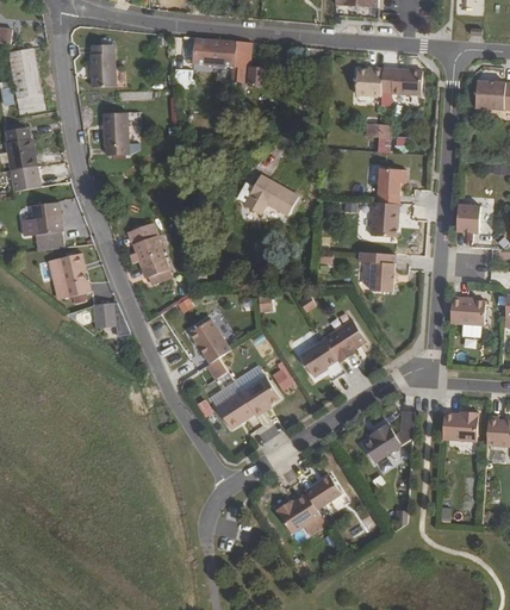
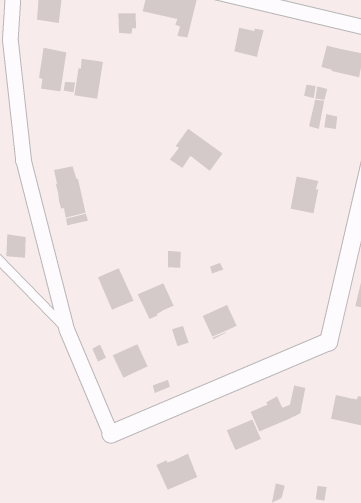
building: [355,68,382,97] -> [234,27,264,58]
building: none -> [74,58,103,99]
building: [377,168,405,204] -> none
building: [369,253,394,292] -> none
building: [323,319,366,363] -> none
building: [240,376,279,416] -> [137,282,175,320]
building: [304,475,341,510] -> [226,419,262,451]

